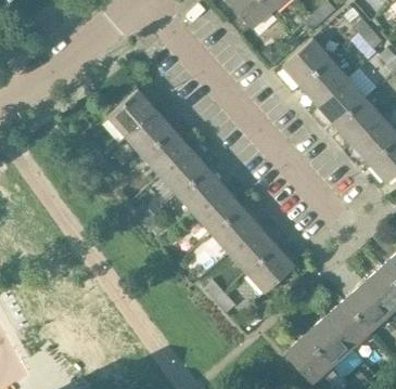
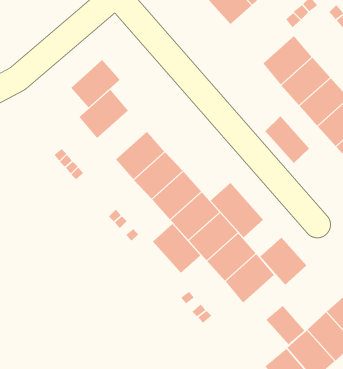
building: [126,111,174,157] -> [70,59,121,108]
building: none -> [264,115,310,164]
building: none -> [210,182,264,238]
building: none -> [152,223,201,274]
building: none -> [259,237,307,285]
building: none -> [266,305,306,345]

